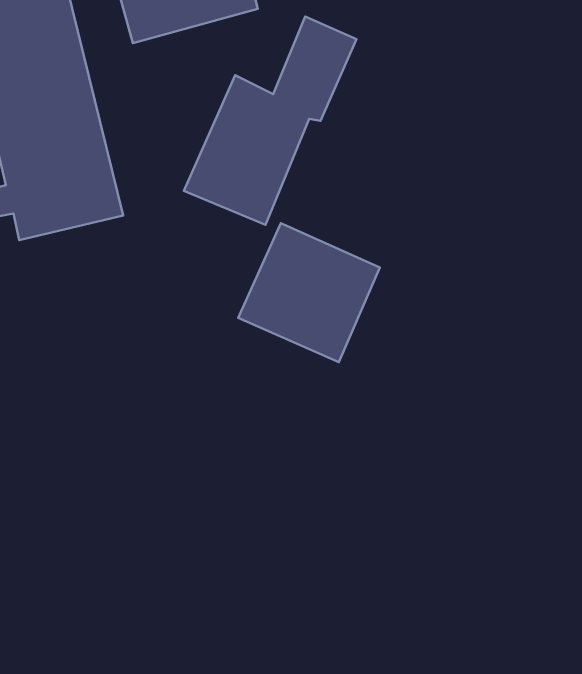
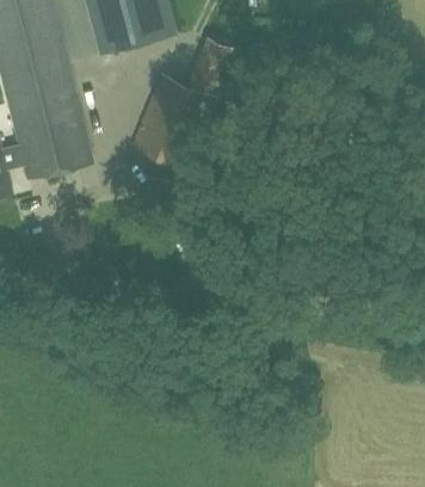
building: [238,223,380,362] -> none

